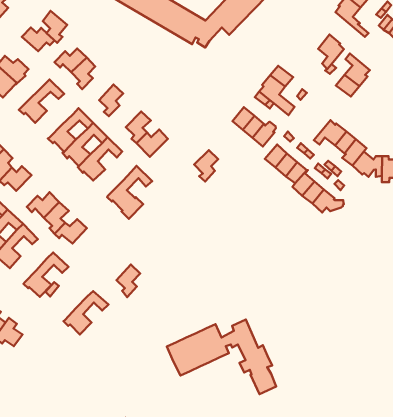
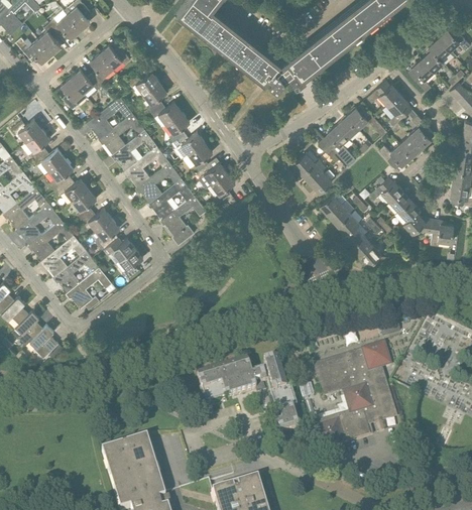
building: [43,11,67,43] -> [91,52,114,85]
building: none -> [367,81,400,106]
building: none -> [346,104,388,137]
building: none -> [151,102,183,127]
building: none -> [379,144,412,169]
building: none -> [99,114,145,154]
building: none -> [173,132,206,157]
building: [194,150,218,182] -> [212,172,236,203]
building: none -> [148,178,194,220]
building: none -> [73,188,97,219]
building: [116,265,140,297] -> [120,248,144,279]
building: none -> [314,343,397,450]
building: [63,291,108,334] -> [53,252,100,292]

